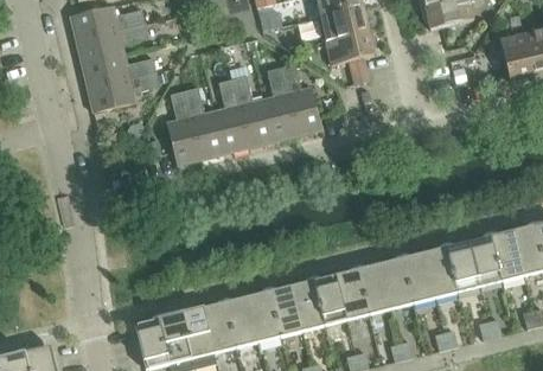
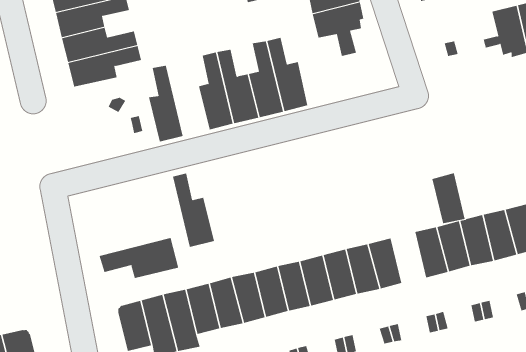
building: [184,87,225,159] -> [172,173,215,247]
building: [402,251,435,301] -> [431,173,466,224]
building: none -> [99,237,179,279]

